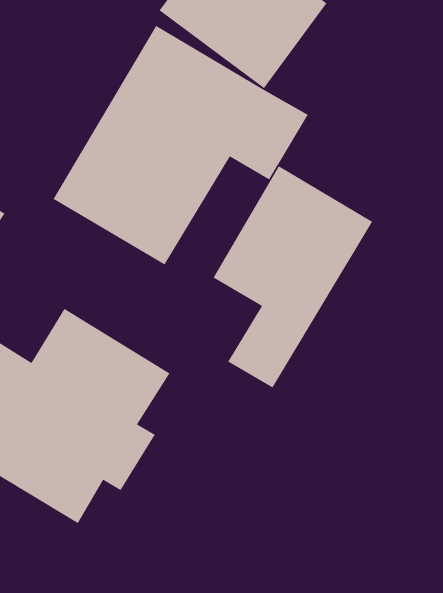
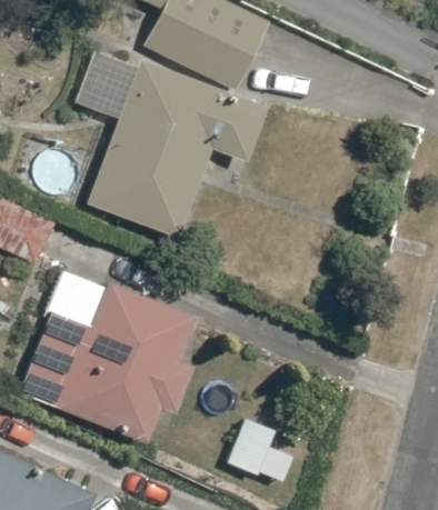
building: [212,165,373,388] -> none

